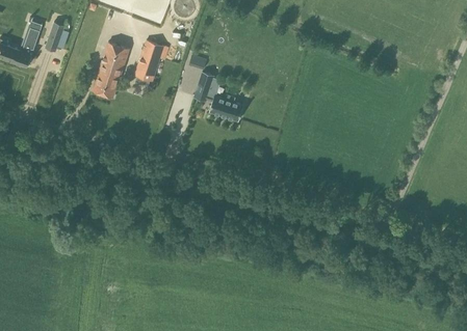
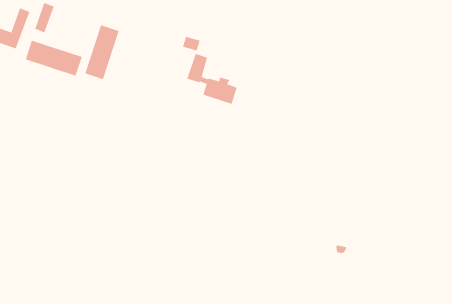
building: [134,40,163,81] -> none
building: none -> [25,40,82,77]

